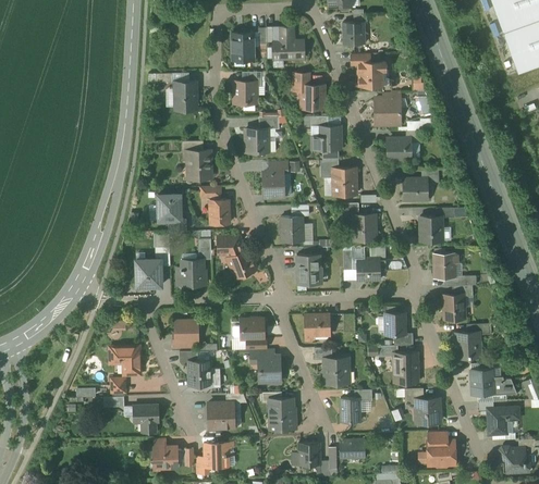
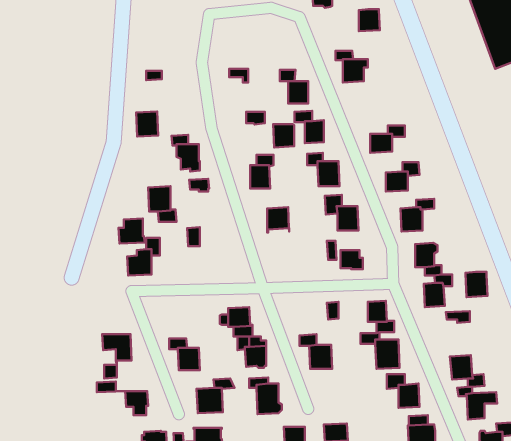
building: [343,23,365,46] -> [359,9,380,31]
building: [273,28,304,60] -> none
building: [232,34,254,61] -> none
building: [235,82,256,104] -> none
building: [174,83,197,109] -> [136,111,158,137]
building: [375,99,401,125] -> none
building: [246,129,268,153] -> [273,124,294,147]
building: [210,200,230,224] -> none
building: [218,237,257,278] -> none
building: [297,255,320,283] -> none
building: [177,260,205,286] -> [119,218,145,244]
building: [305,315,330,343] -> none
building: [173,322,198,343] -> none
building: [456,333,479,359] -> [465,272,487,297]
building: [341,390,372,423] -> none

